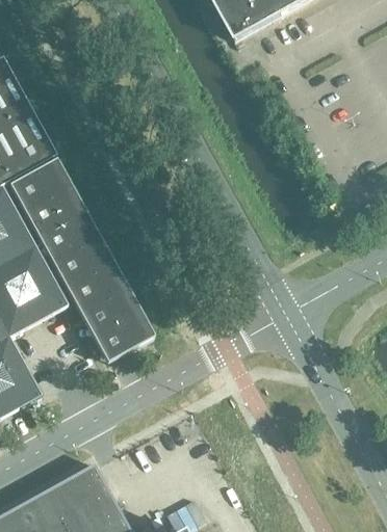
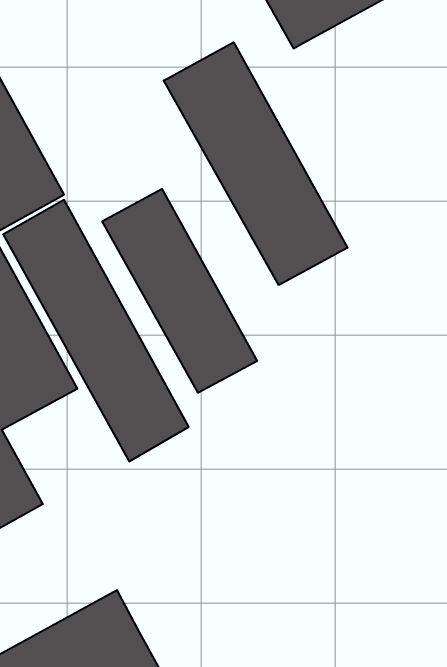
building: none -> [164,42,348,285]
building: none -> [102,189,257,393]

